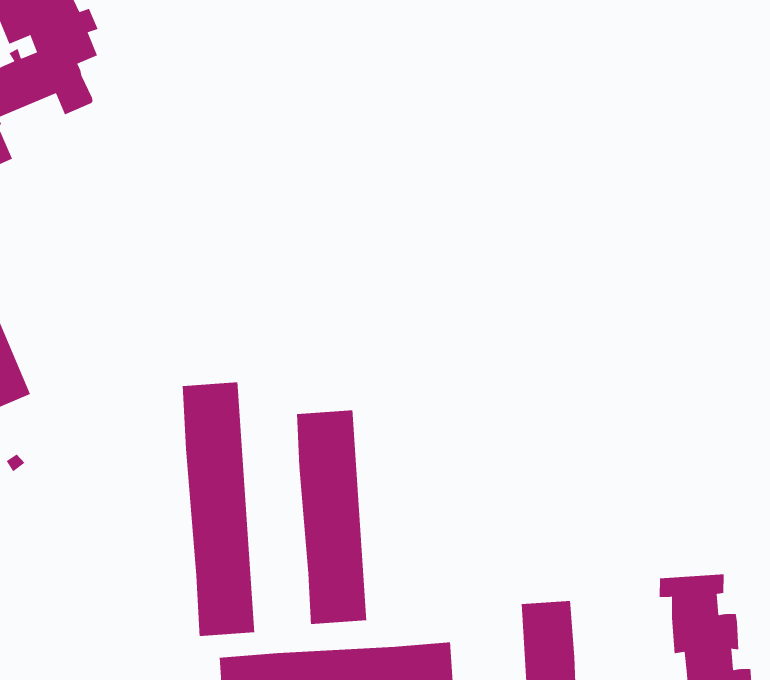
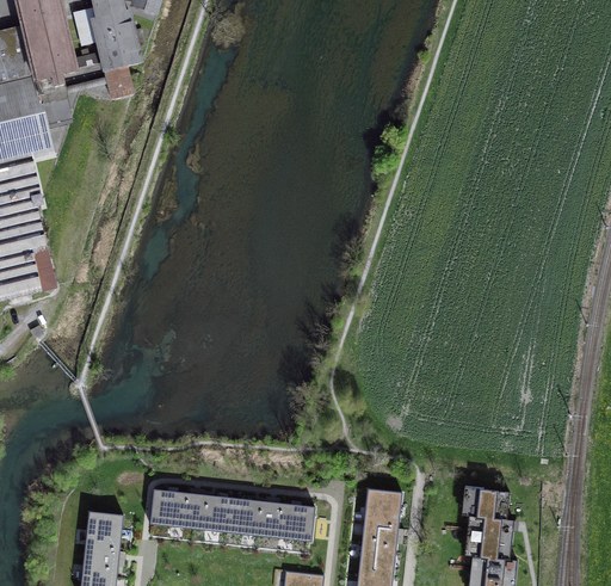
building: [182,382,255,637] -> none
building: [296,410,367,625] -> none

